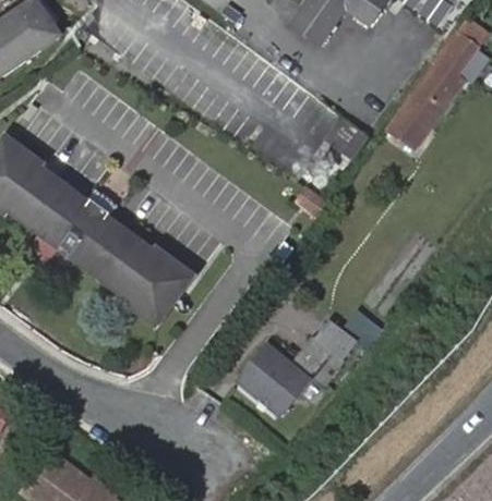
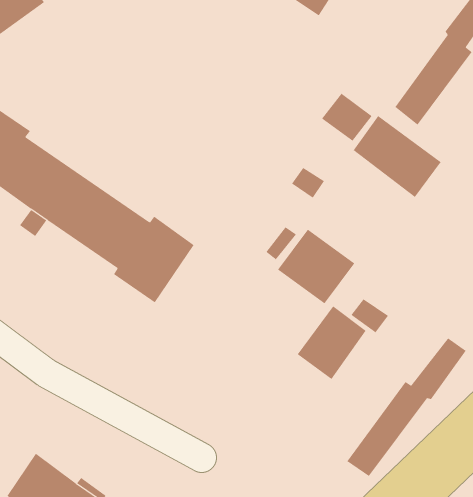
building: none -> [353,115,441,198]
building: [236,346,309,417] -> [277,229,355,304]
building: none -> [346,338,466,477]

